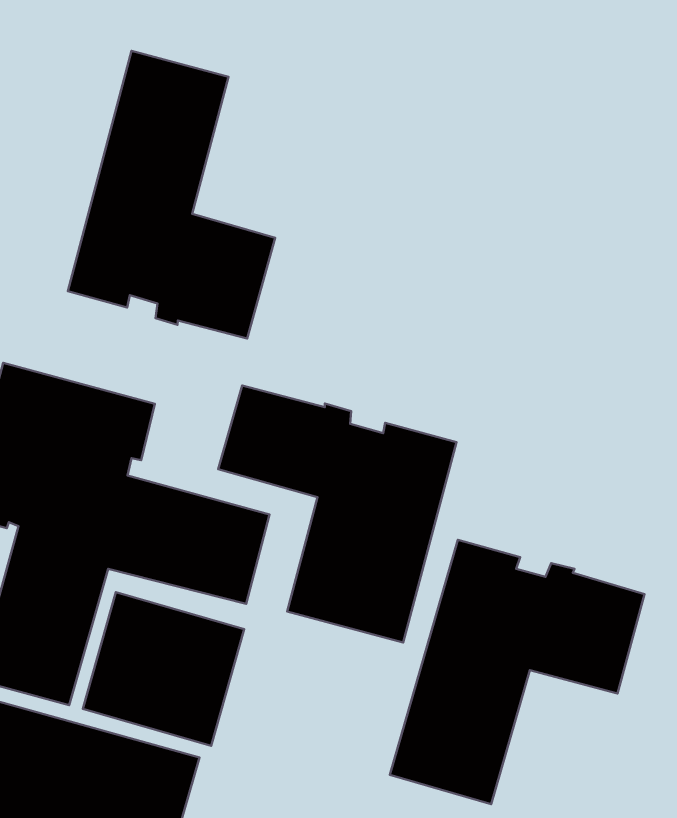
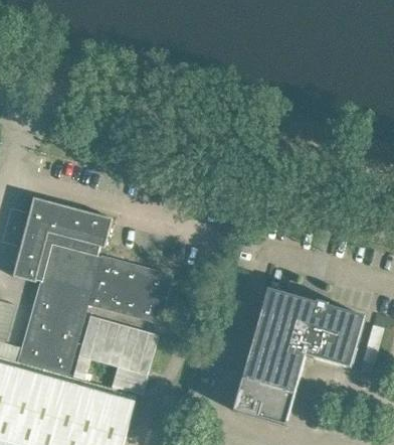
building: [68,51,275,338] -> none
building: [218,386,456,642] -> none

